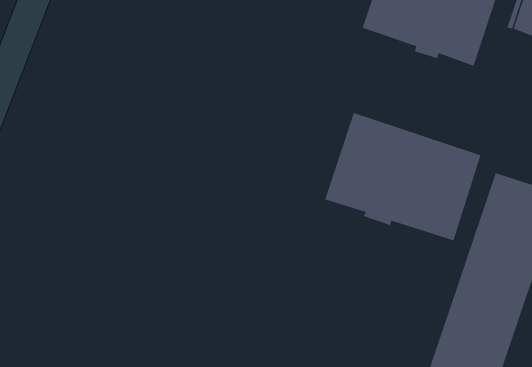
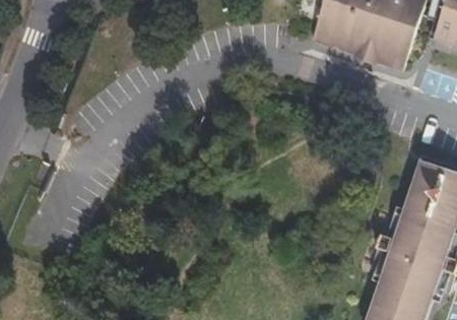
building: [324,112,481,241] -> none

